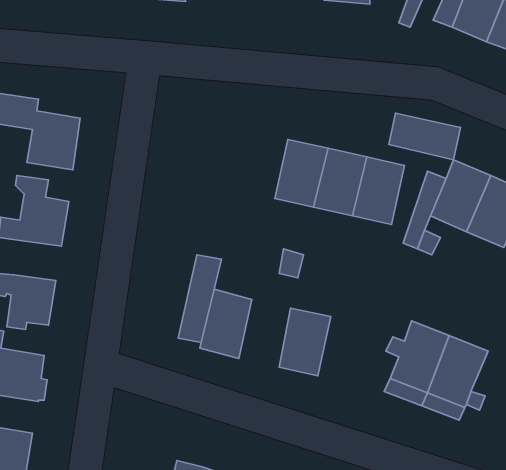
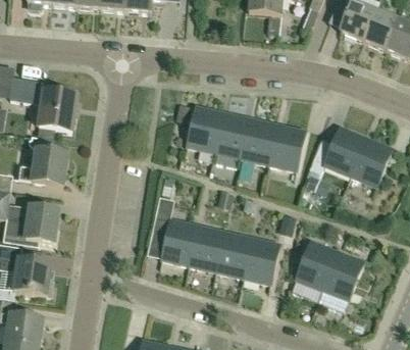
building: [389,113,461,160] -> none
building: none -> [186,104,222,152]
building: none -> [188,223,224,271]
building: none -> [244,236,279,284]

